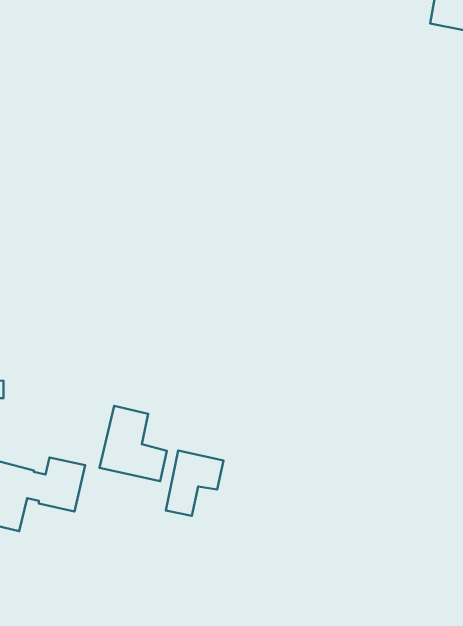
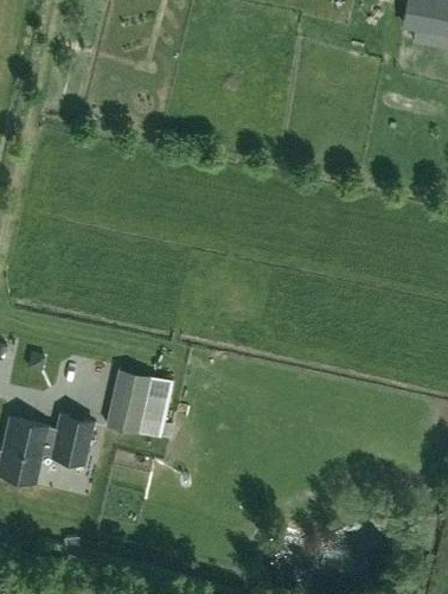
building: [166,451,224,516] -> none

